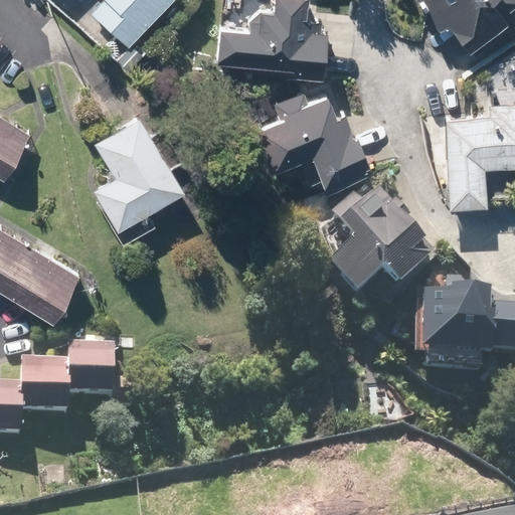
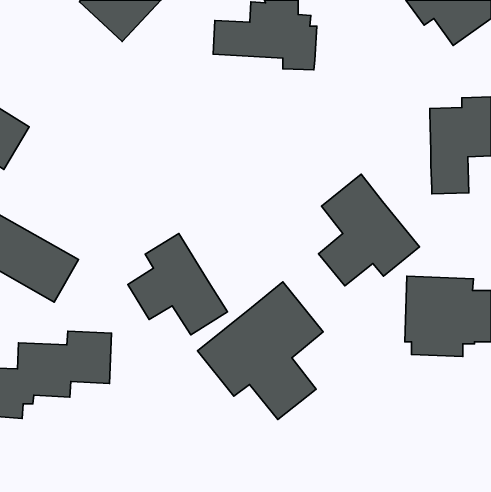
building: [255,93,374,184] -> none
building: [87,113,199,246] -> none
building: none -> [128,234,228,335]
building: none -> [198,282,323,420]

